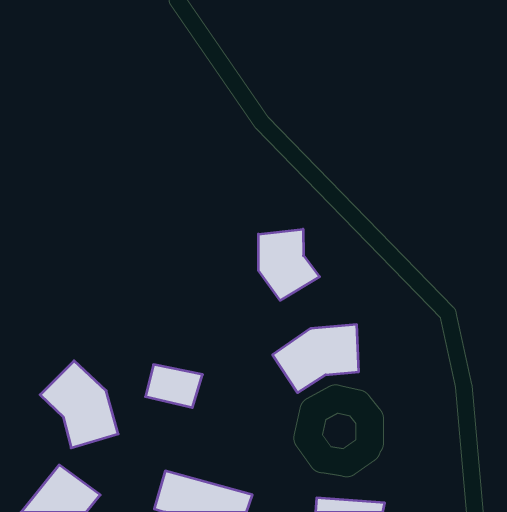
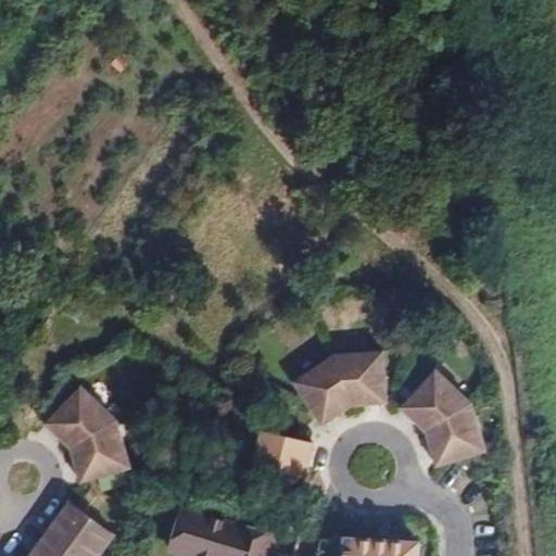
building: [258,229,320,300] -> none
building: none -> [402,370,486,465]
building: [145,365,203,408] -> [251,432,313,479]

